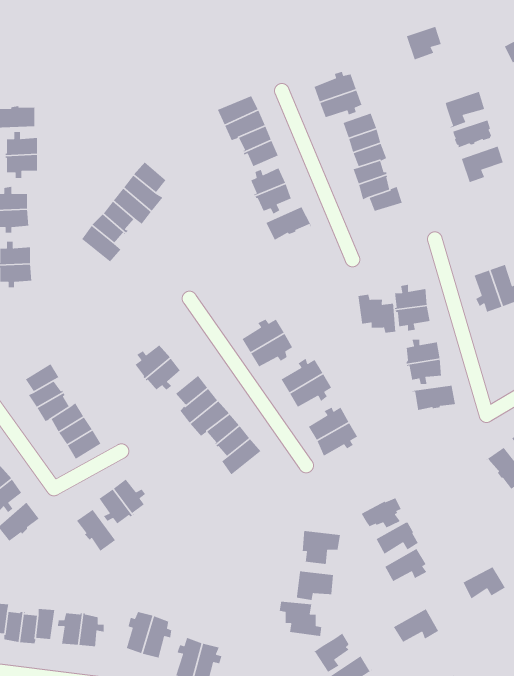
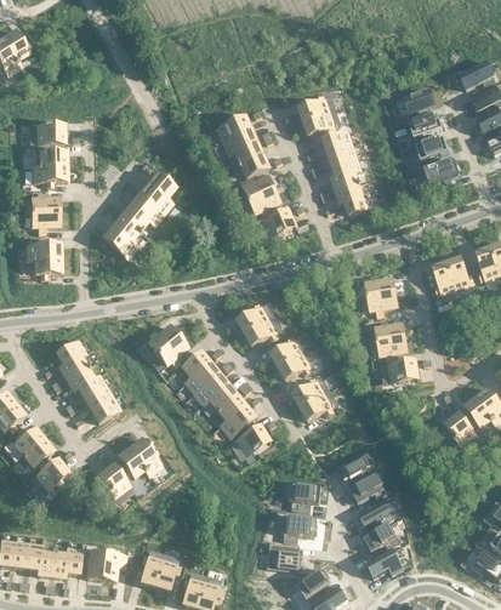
building: [406,26,442,60] -> [403,90,433,119]
building: [358,294,396,334] -> none
building: none -> [228,426,268,457]
building: [462,566,506,599] -> [363,524,399,552]

